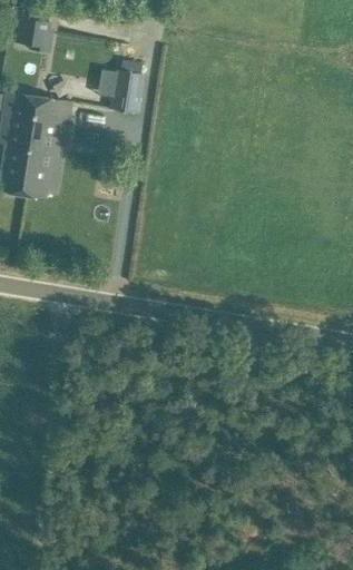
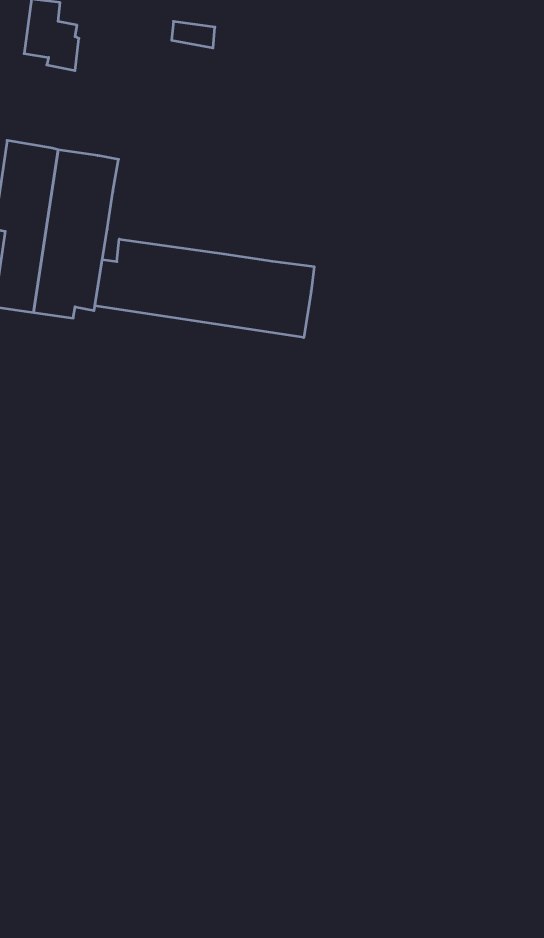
building: [109,69,145,112] -> none
building: none -> [95,239,314,338]

